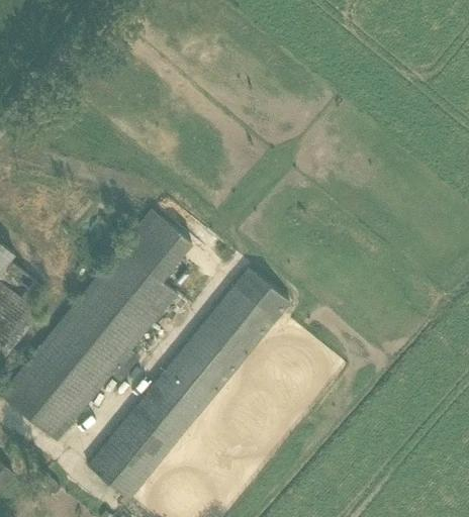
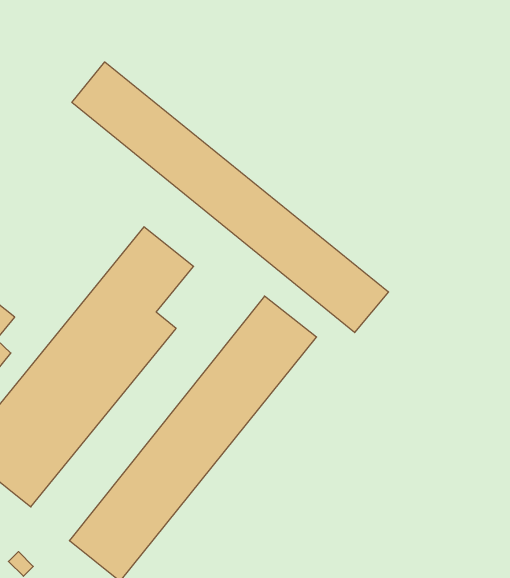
building: none -> [72,62,389,333]

